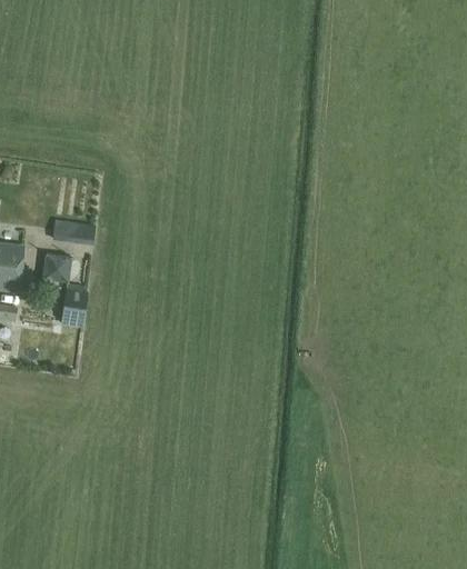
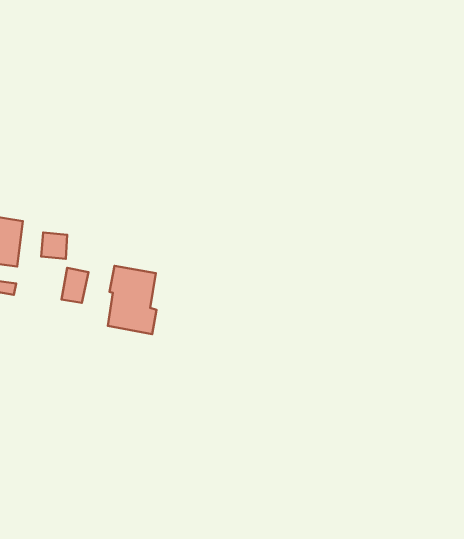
building: [52,219,96,244] -> none
building: none -> [108,266,157,334]

